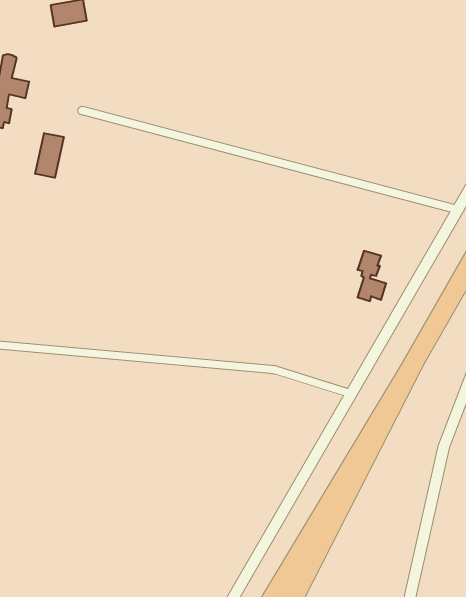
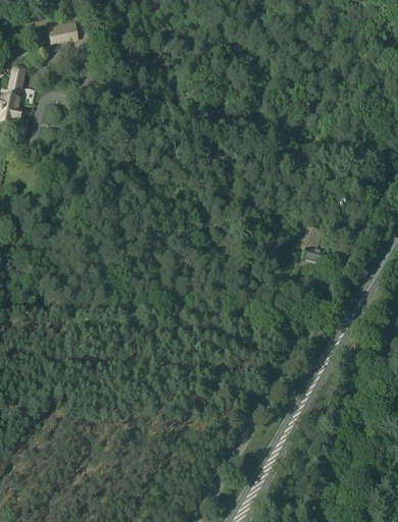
building: [35,133,64,178] -> none

